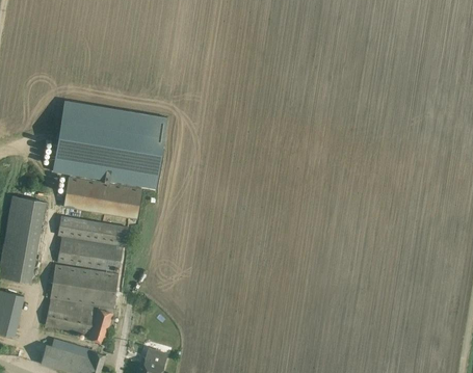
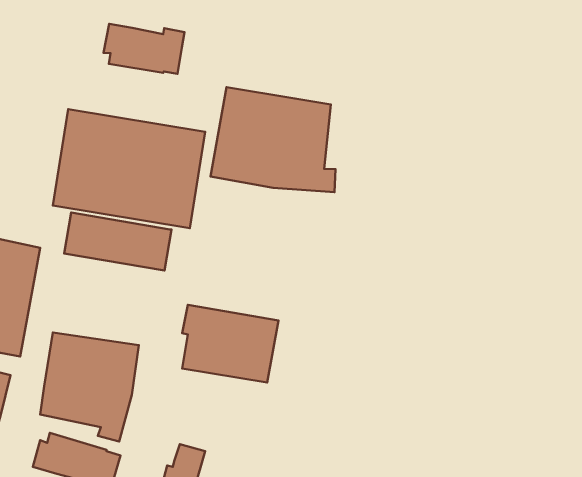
building: none -> [103,24,184,74]
building: none -> [211,87,335,192]
building: [57,215,128,272] -> [182,305,278,383]

